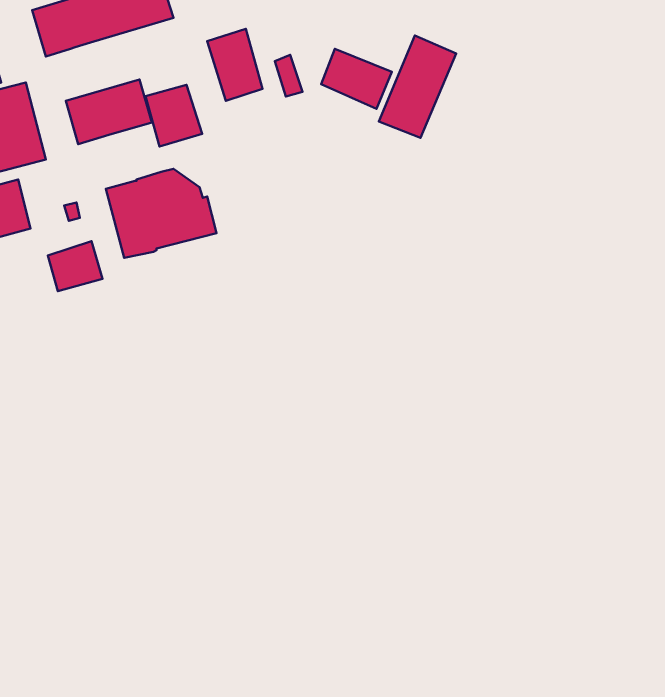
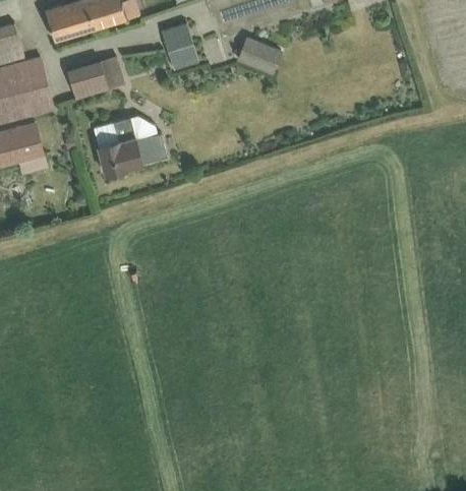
building: [379,35,456,138] -> none
building: [145,85,202,146] -> none
building: [48,241,102,291] -> none

